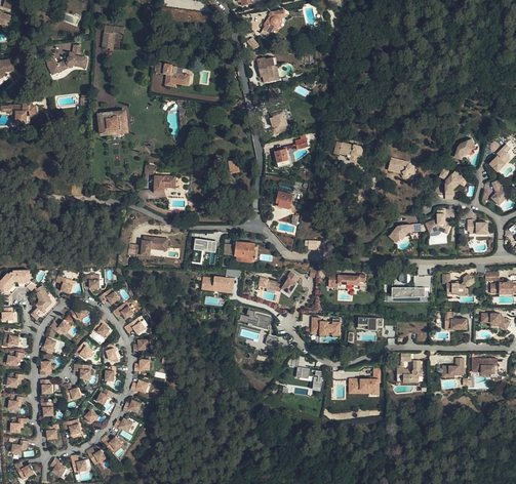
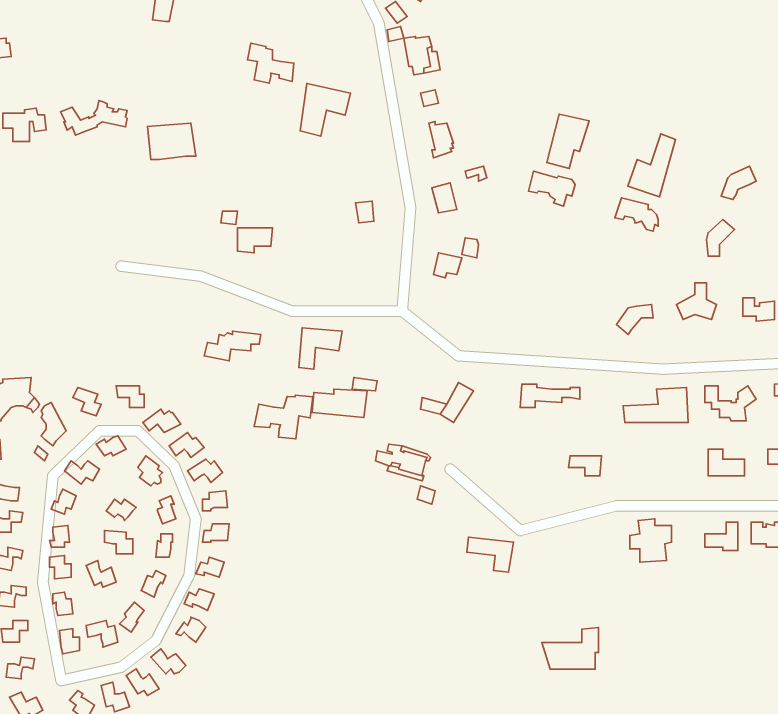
building: [46,52,87,74] -> [60,100,127,135]
building: none -> [300,83,350,136]
building: none -> [547,114,589,168]
building: none -> [628,134,676,197]
building: [224,241,255,264] -> none
building: none -> [254,395,313,439]
building: [312,318,343,335] -> none
building: [348,368,383,394] -> [542,627,598,669]

